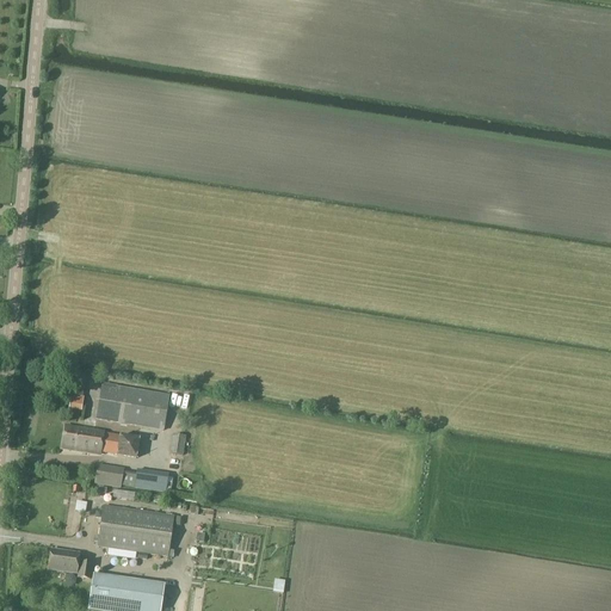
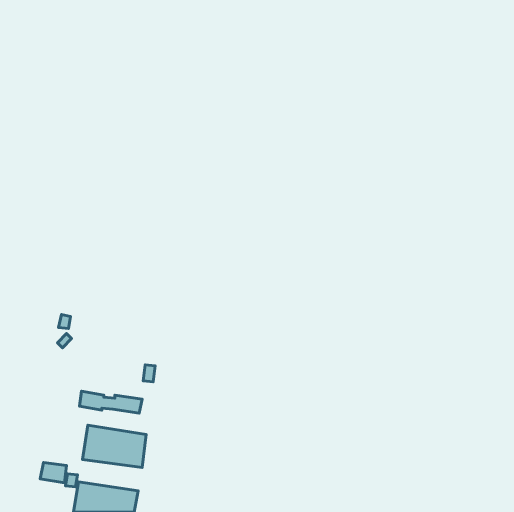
building: [94,384,167,428] -> none
building: [62,424,140,456] -> none

